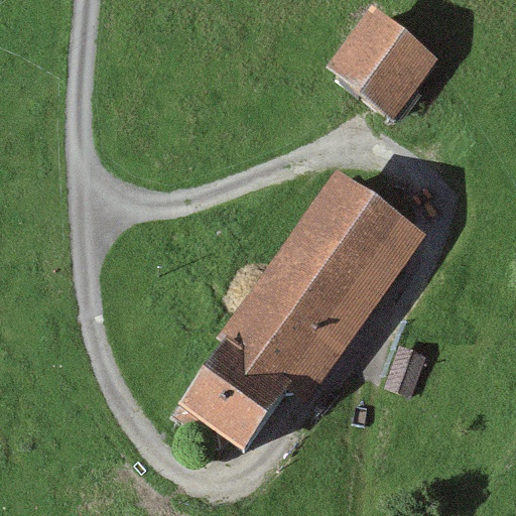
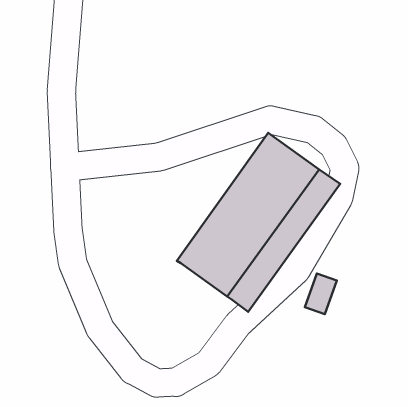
building: [327,4,440,117] -> none
building: [172,332,292,449] -> none

